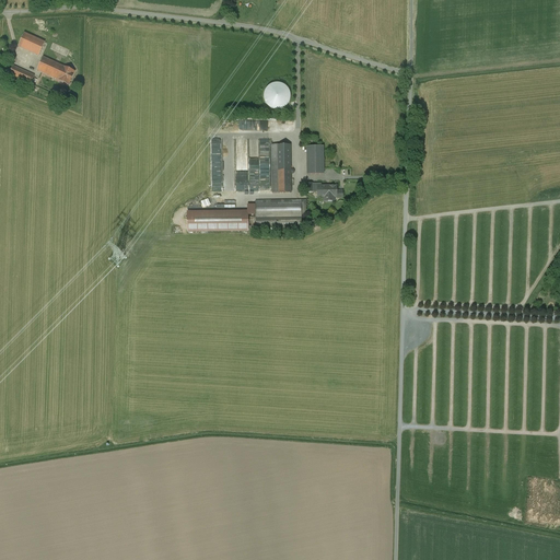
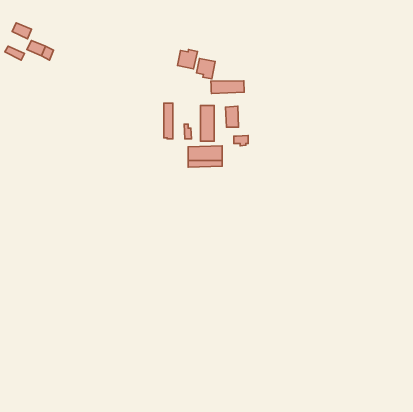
building: none -> [178,49,198,69]
building: none -> [211,81,244,93]
building: [185,211,246,228] -> none

